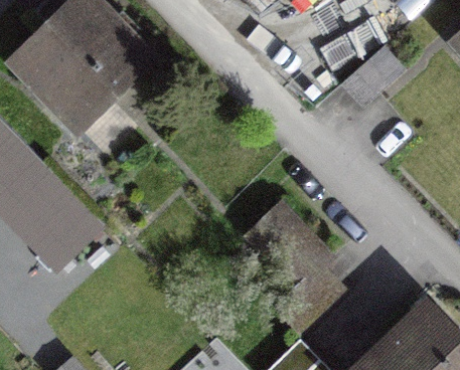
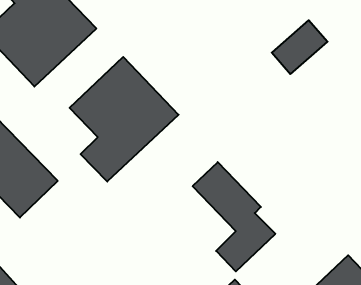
building: none -> [70,57,179,182]

